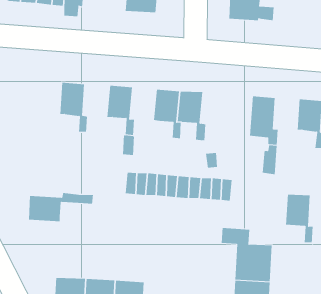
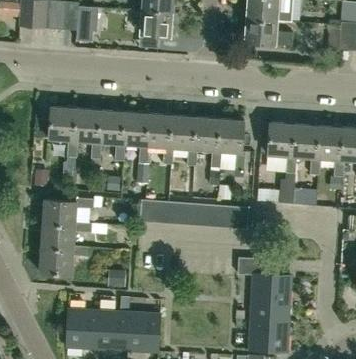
building: none -> [34,107,77,159]
building: none -> [96,111,126,161]
building: none -> [144,114,174,165]
building: none -> [216,119,245,170]
building: none -> [41,199,94,227]
building: [285,194,314,244] -> [291,125,320,176]
building: none -> [38,247,90,276]

